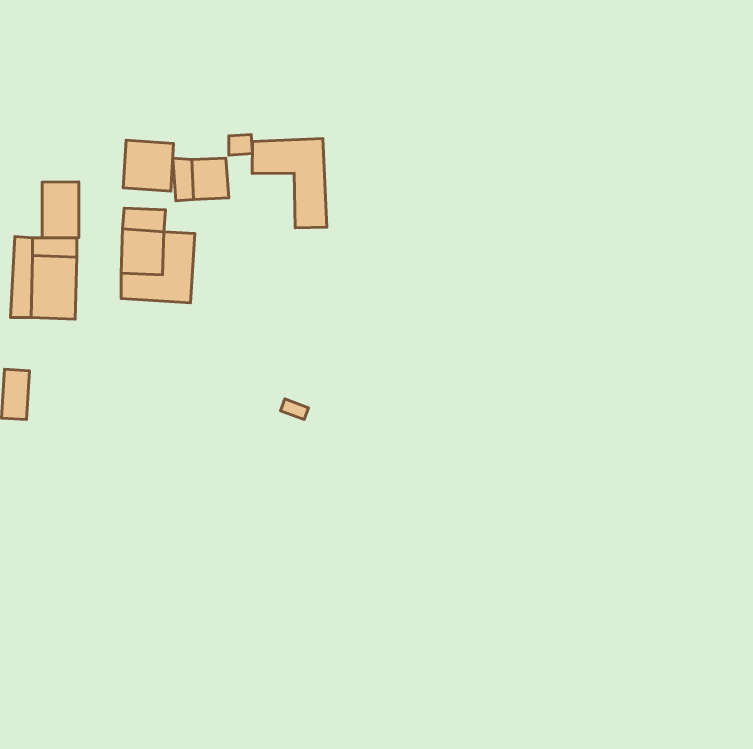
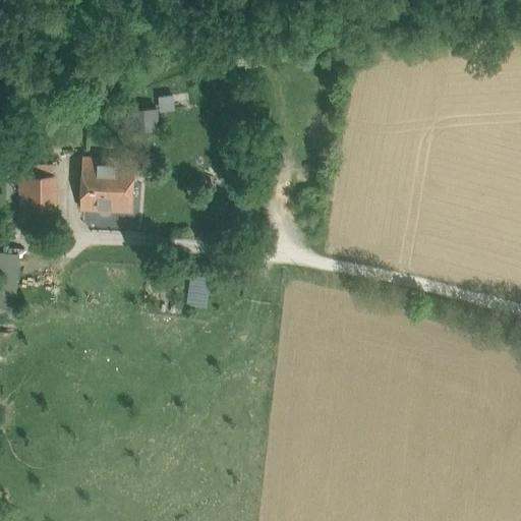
building: [252,139,327,228] -> none
building: [123,140,174,191] -> none
building: [42,182,79,238] -> none

